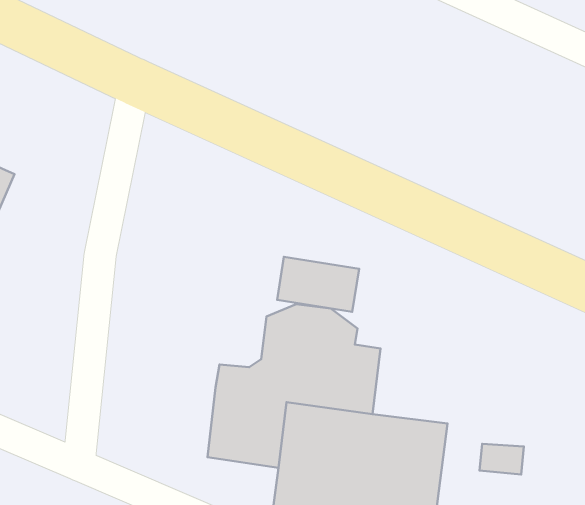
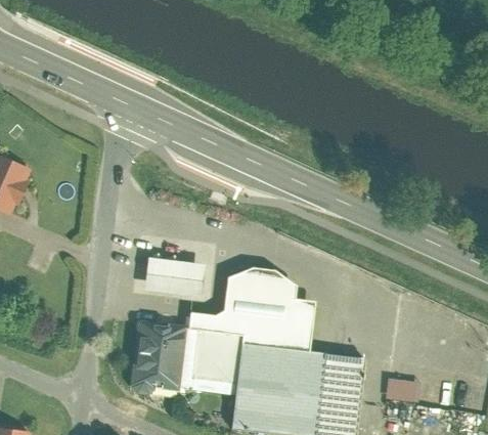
building: [277,257,359,312] -> [140,257,203,299]
building: none -> [124,324,186,401]

